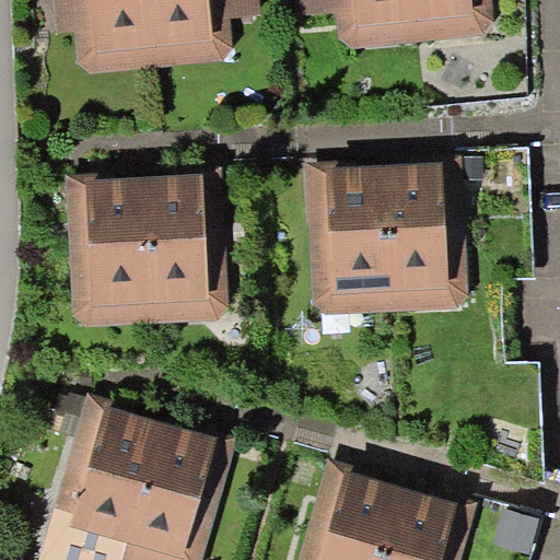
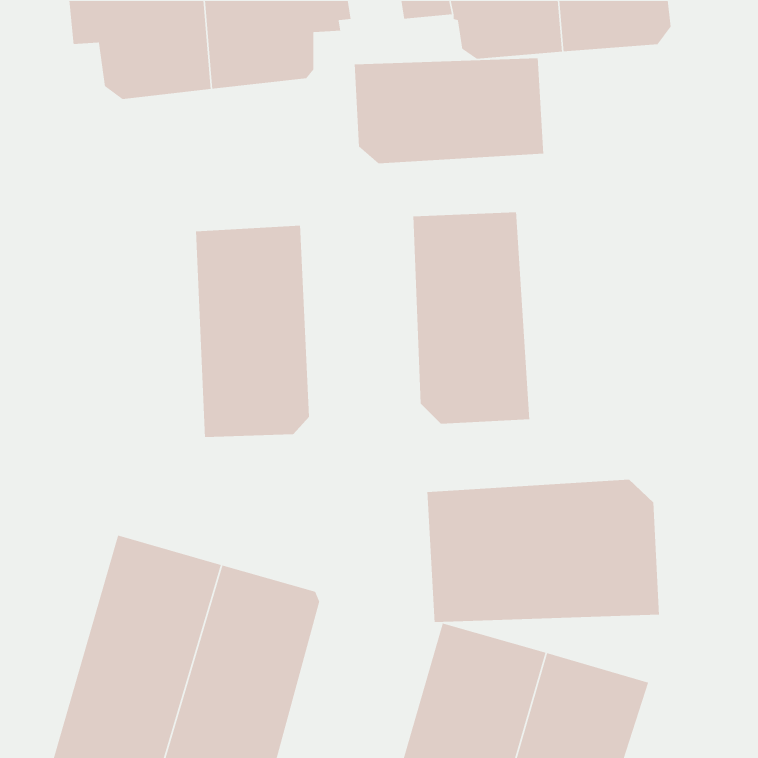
building: none -> [354,57,544,164]
building: [380,153,464,311] -> none
building: [66,172,150,327] -> none
building: none -> [426,479,660,623]

